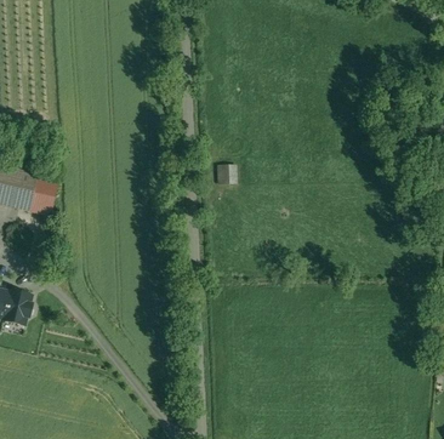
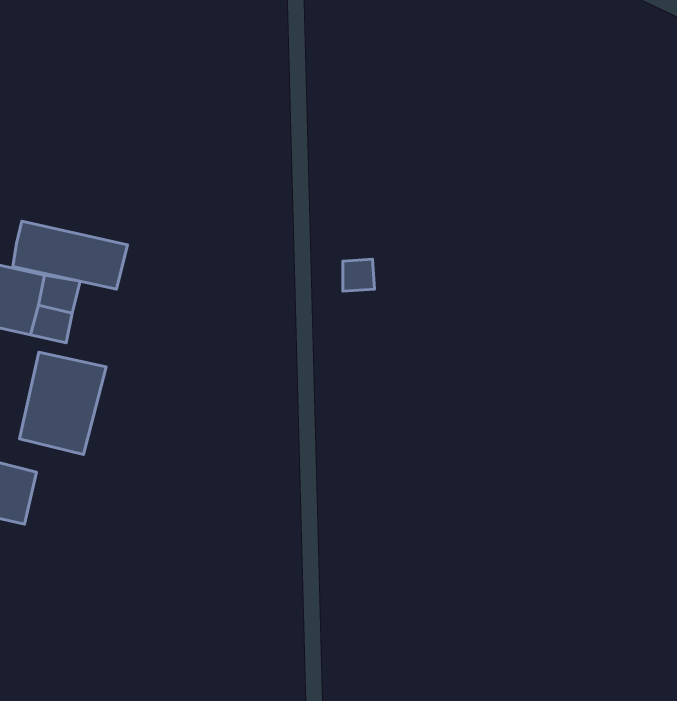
building: none -> [13,221,128,289]
building: none -> [19,352,106,454]

